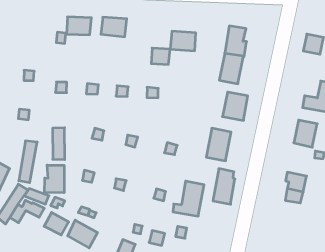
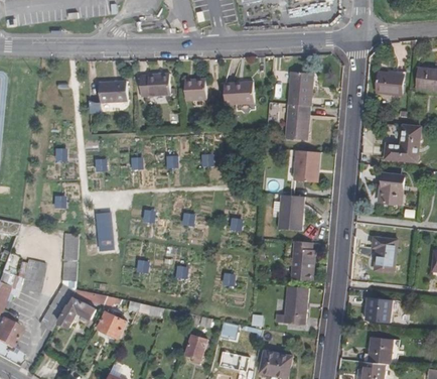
building: [151,48,170,64] -> [183,80,204,99]
building: [45,165,64,193] -> none
building: [173,181,204,216] -> [275,285,308,325]
building: [68,220,97,248] -> none
building: none -> [367,296,392,321]

